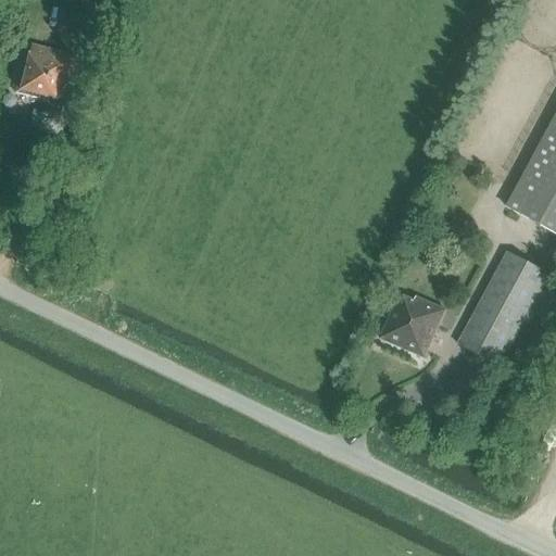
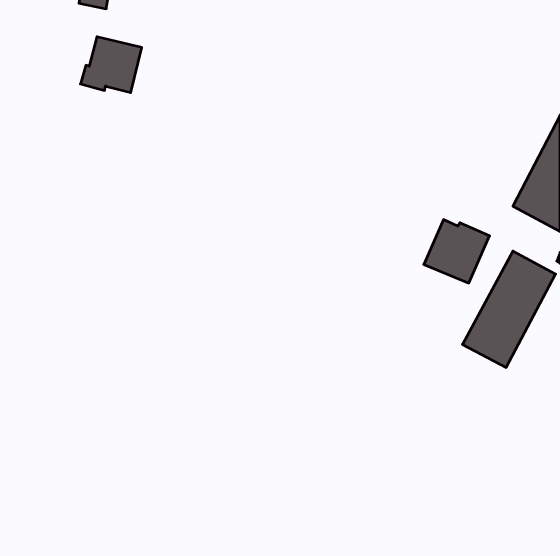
building: [15,42,76,98] -> [80,37,142,93]
building: [381,291,446,354] -> [424,220,490,283]

